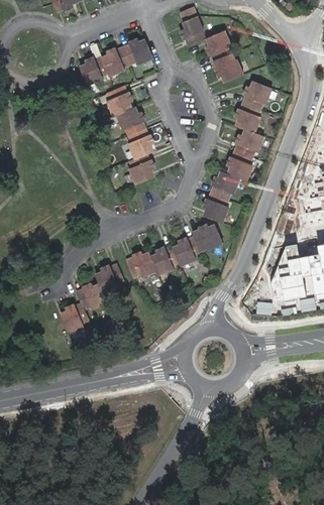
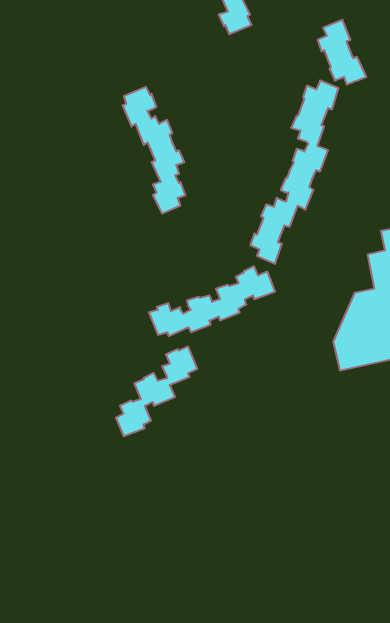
building: [206,31,243,81] -> [318,20,366,85]
building: [81,40,152,87] -> none
building: [62,263,124,332] -> [116,347,197,436]

